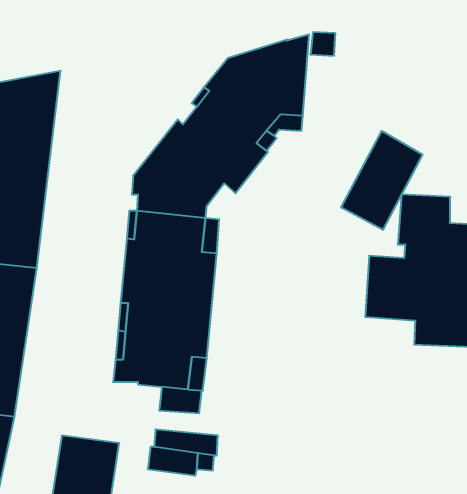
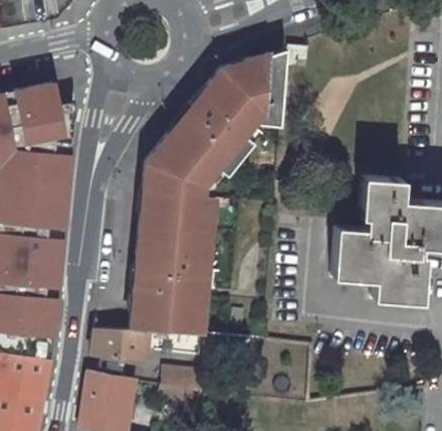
building: [341,131,423,230] -> none
building: none -> [92,329,150,362]

